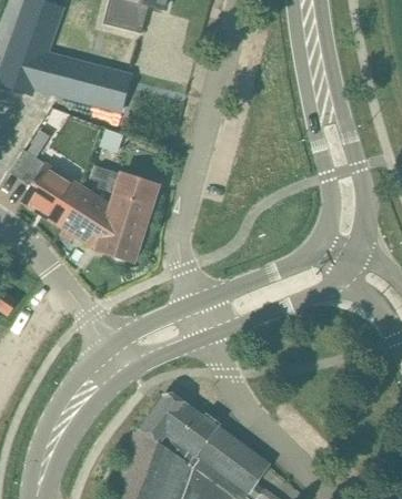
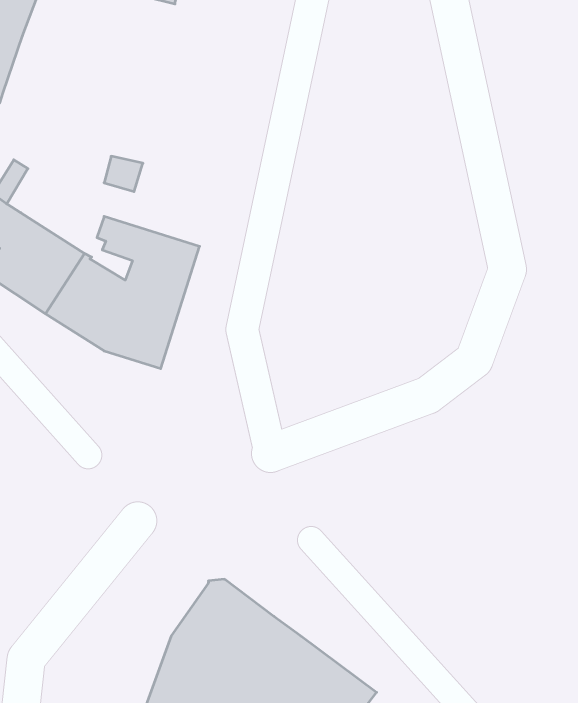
building: [52,58,131,112] -> none

